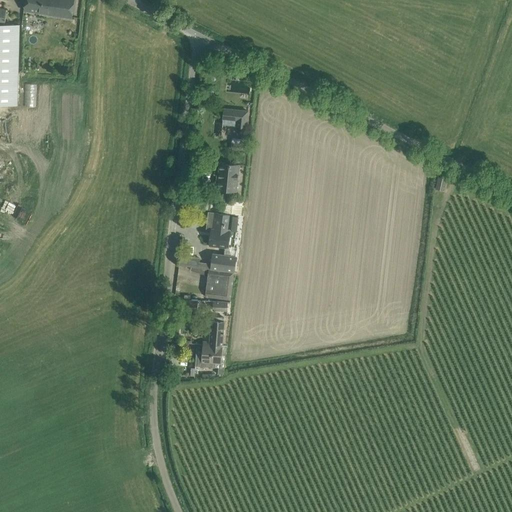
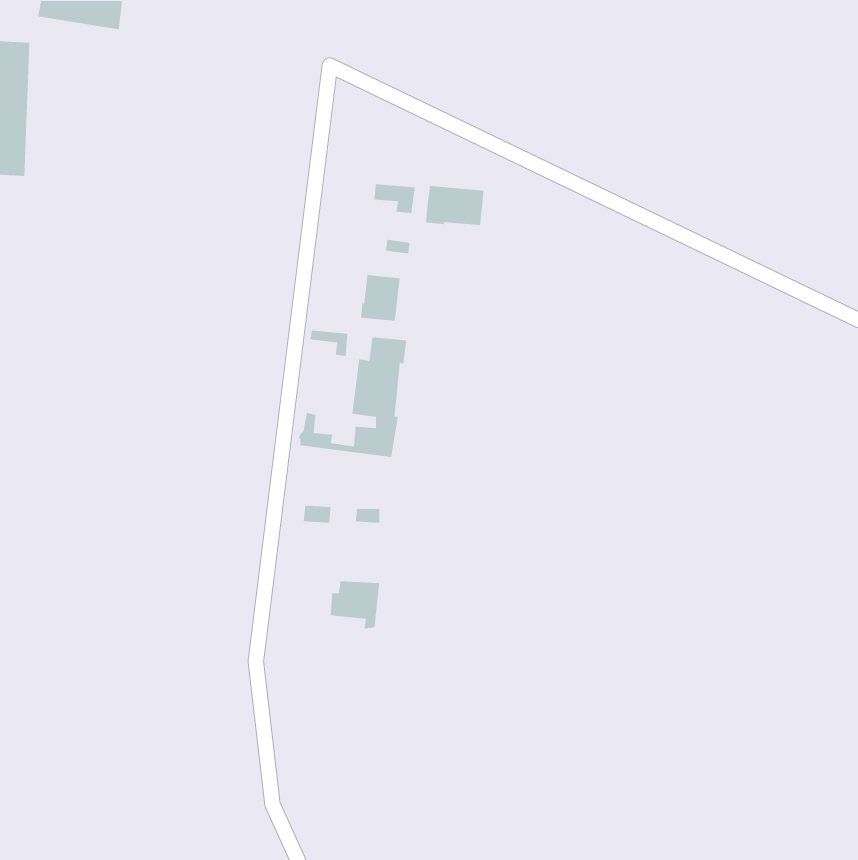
building: none -> [425,185,484,226]
building: [178,265,233,300] -> none
building: [202,317,223,346] -> none

